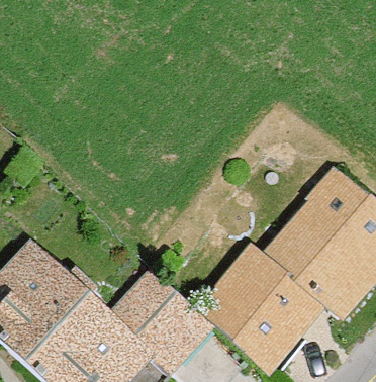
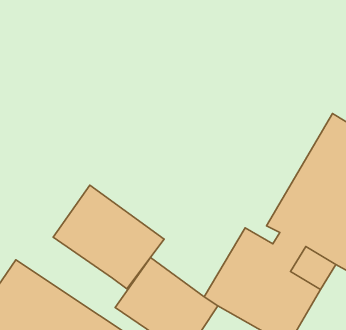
building: none -> [53,185,164,289]

